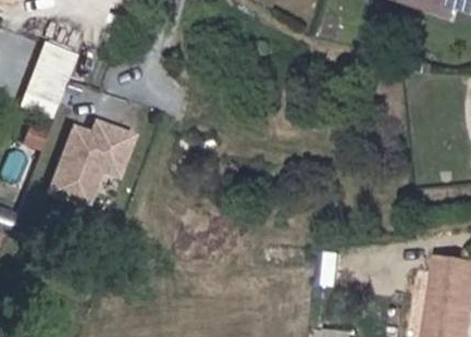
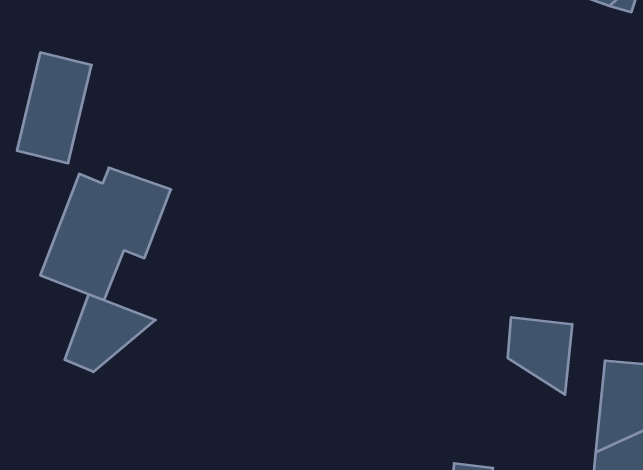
building: none -> [65,294,156,372]
building: none -> [508,317,572,395]

